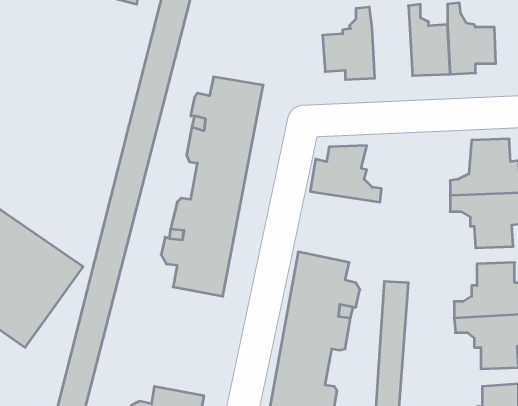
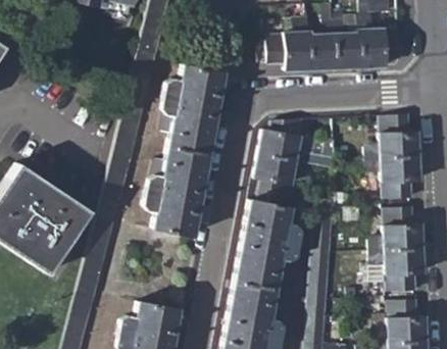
building: none -> [306,14,337,69]
building: none -> [255,155,312,199]

